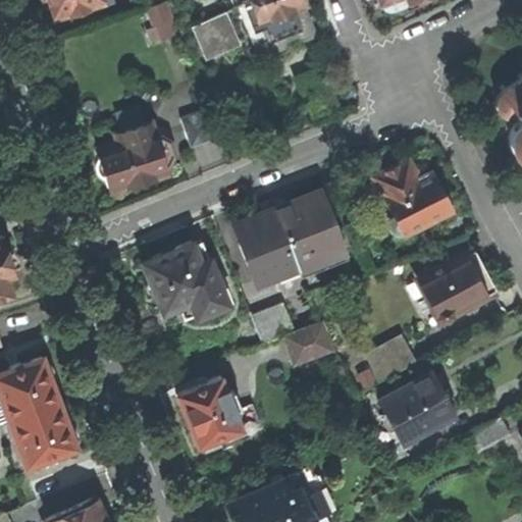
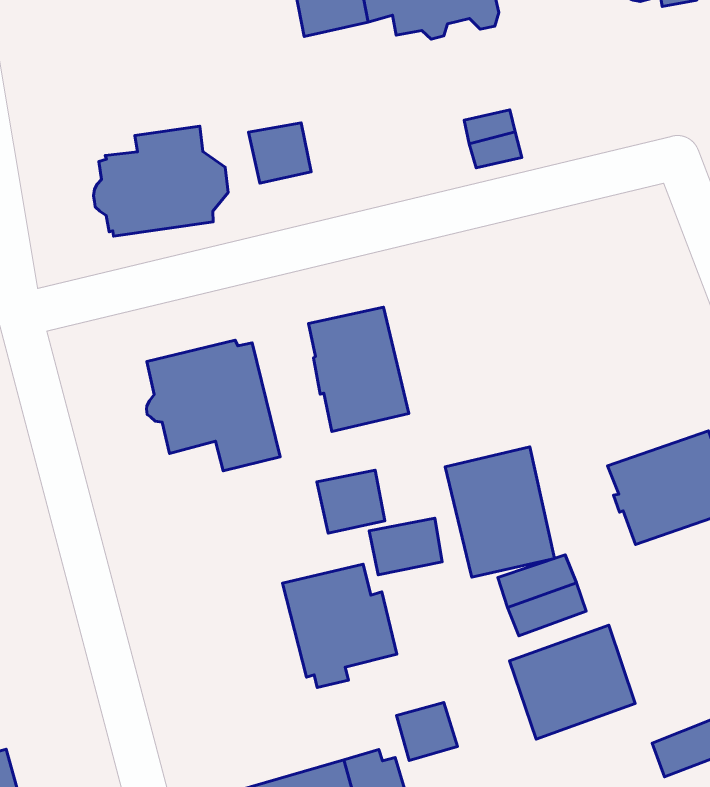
building: [374,160,454,238] -> none
building: [274,190,346,270] -> [445,447,554,577]
building: [176,378,249,454] -> [283,564,397,688]
building: none -> [397,702,457,761]

